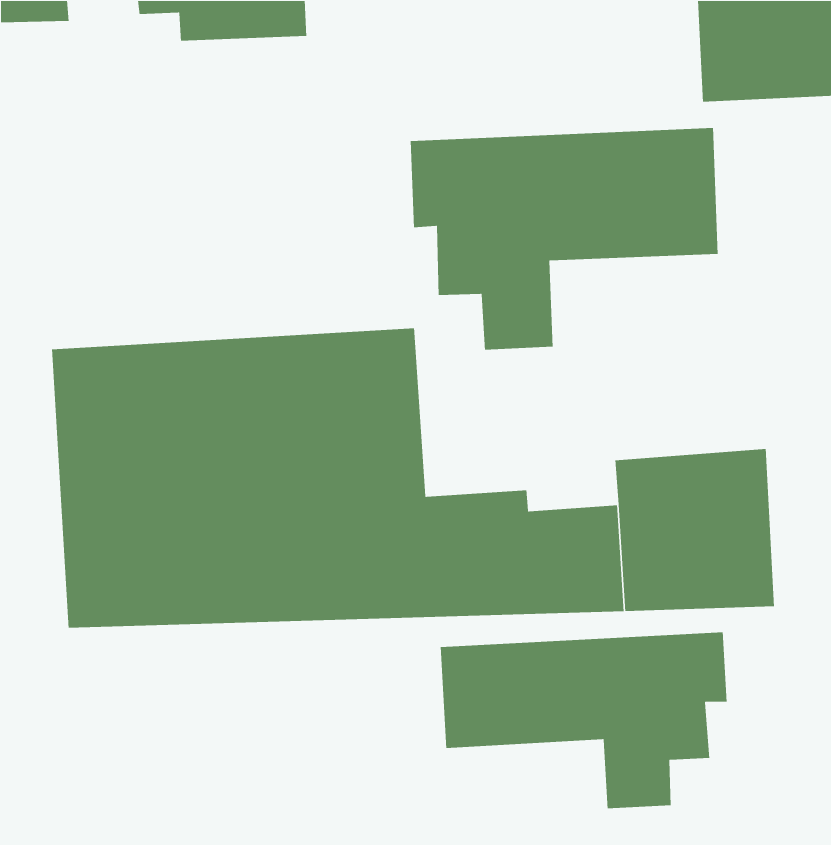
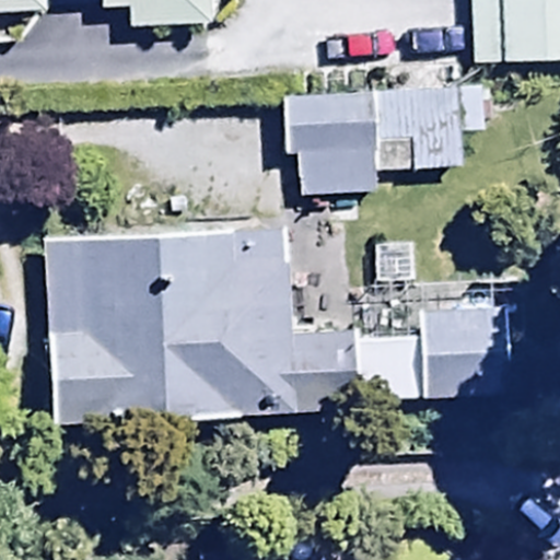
building: [440,632,728,809] -> none

